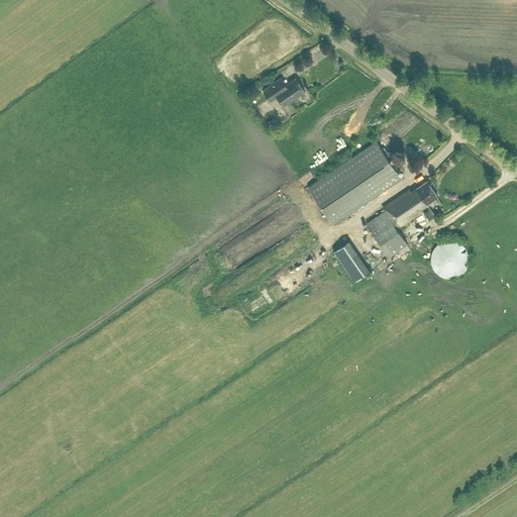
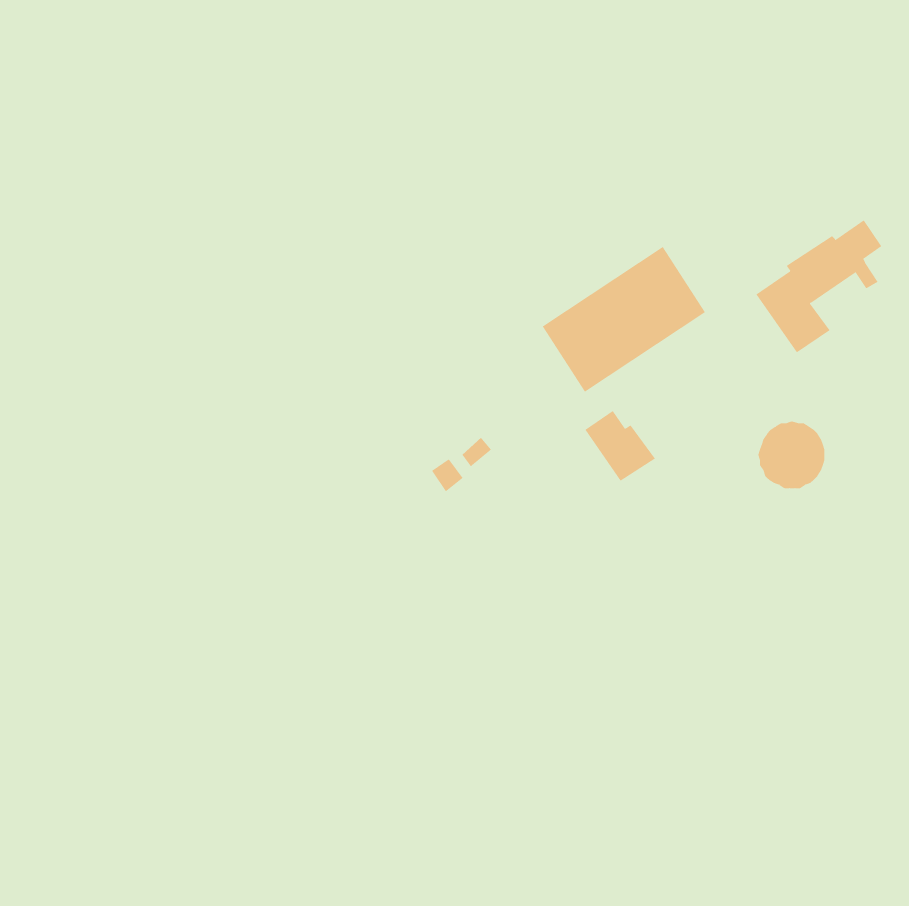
building: [262,80,303,108] -> none
building: [365,183,436,258] -> [755,220,882,353]

